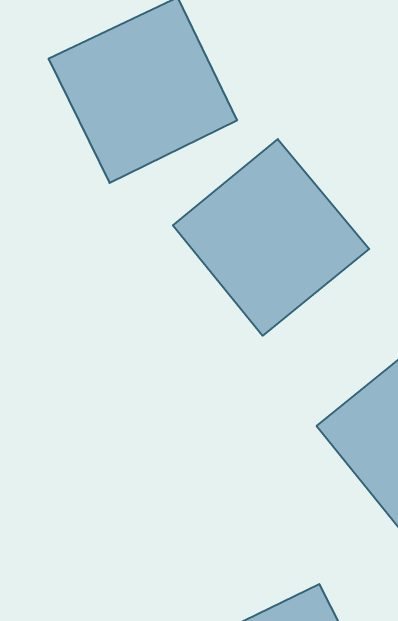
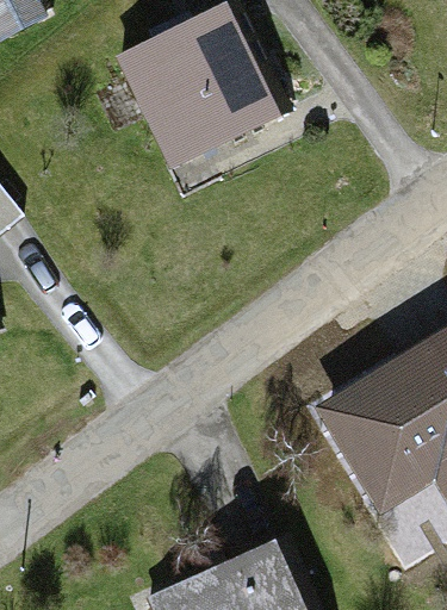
building: [173,139,369,336] -> none

